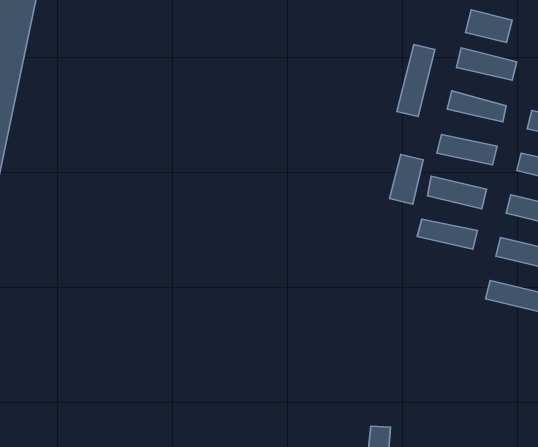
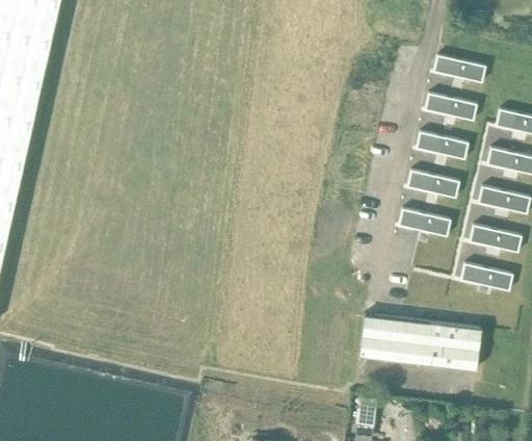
building: [466,10,512,43] -> none
building: [397,45,435,117] -> none
building: [390,155,423,204] -> none
building: none -> [358,311,480,366]

